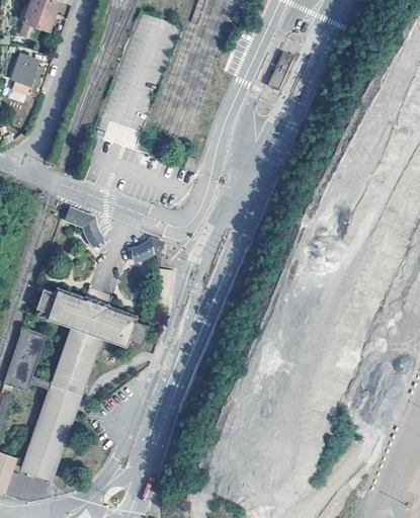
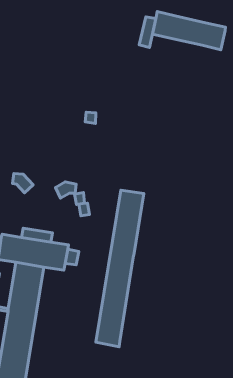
building: none -> [153,12,225,50]
building: none -> [96,190,144,347]

